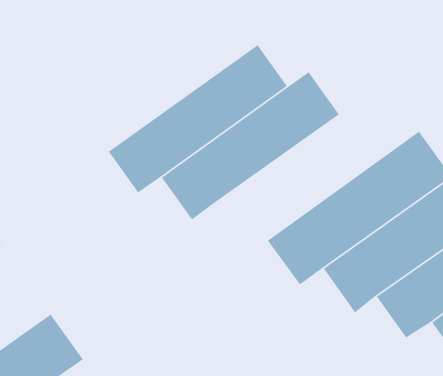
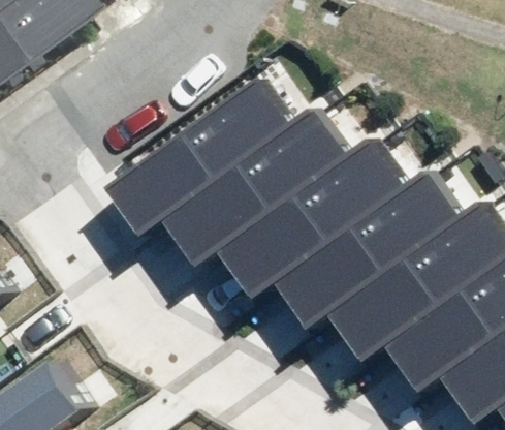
building: none -> [224,137,414,298]

